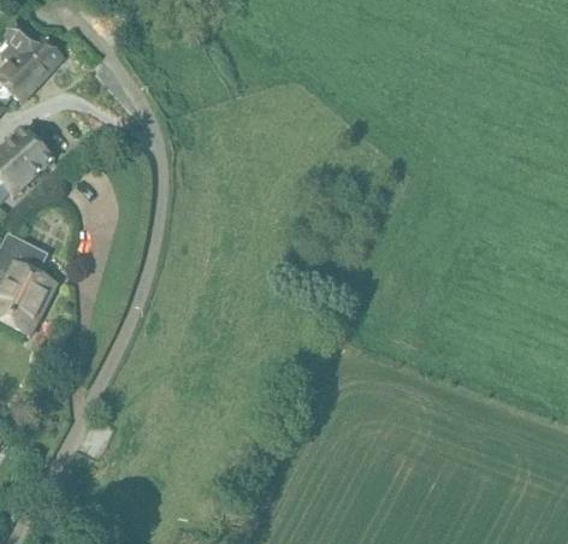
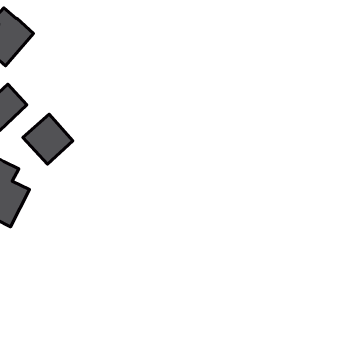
building: none -> [23,114,73,164]

